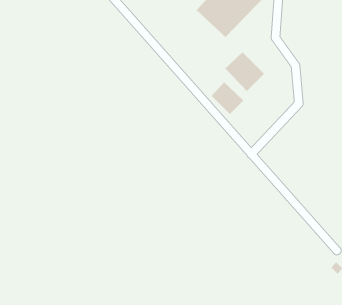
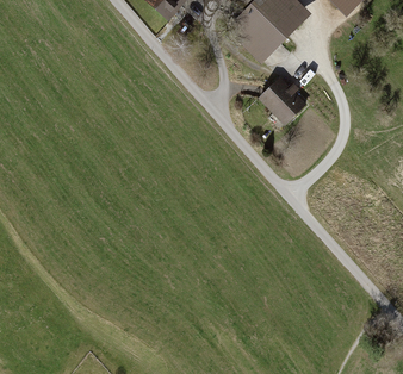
building: [211,81,244,115] -> none

